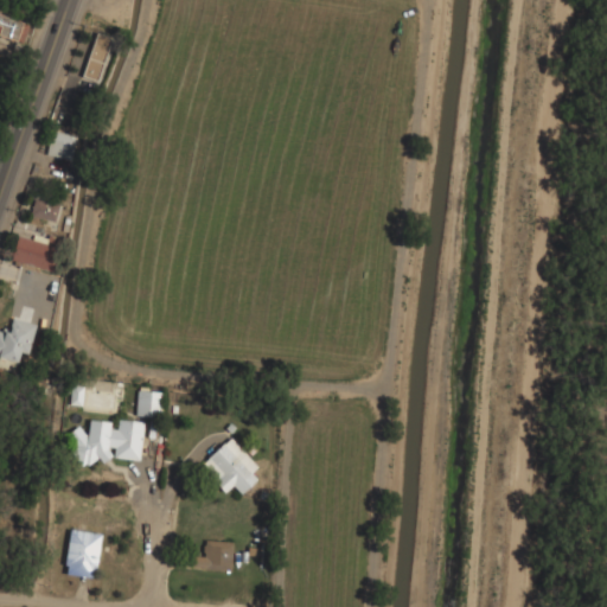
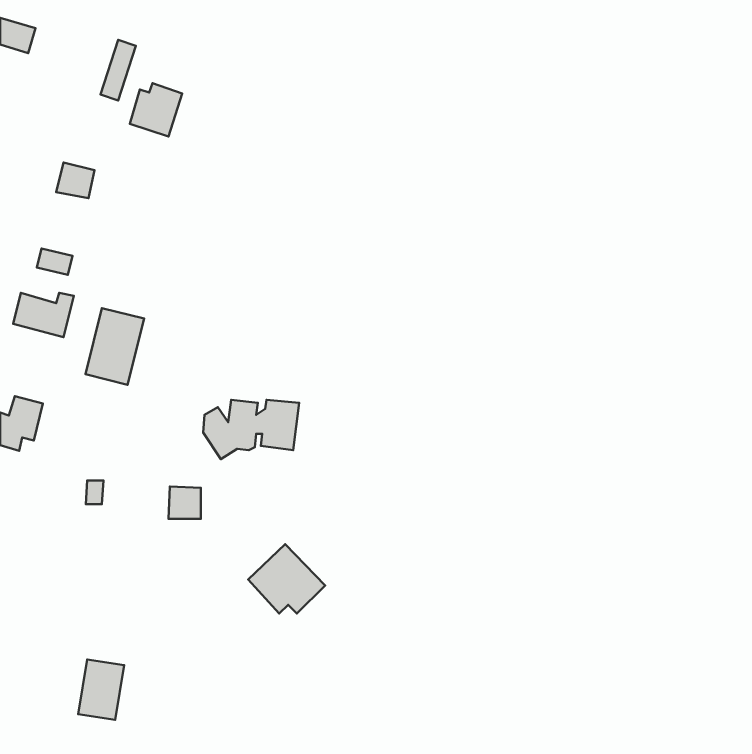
building: none -> [130,83,182,136]
building: none -> [85,308,144,385]
building: [69,421,146,468] -> [203,400,299,459]
building: [193,541,235,571] -> none

